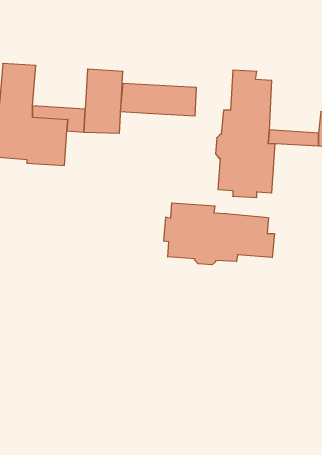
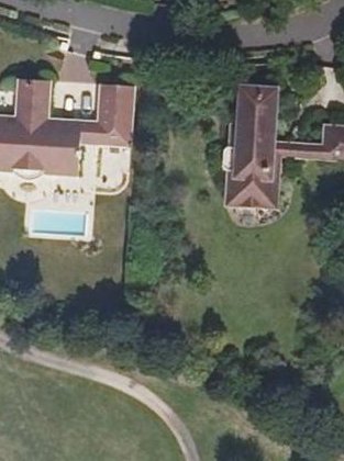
building: [121,83,196,116] -> none
building: [164,203,274,265] -> none

